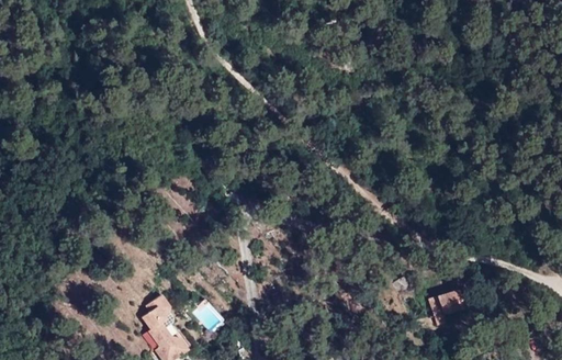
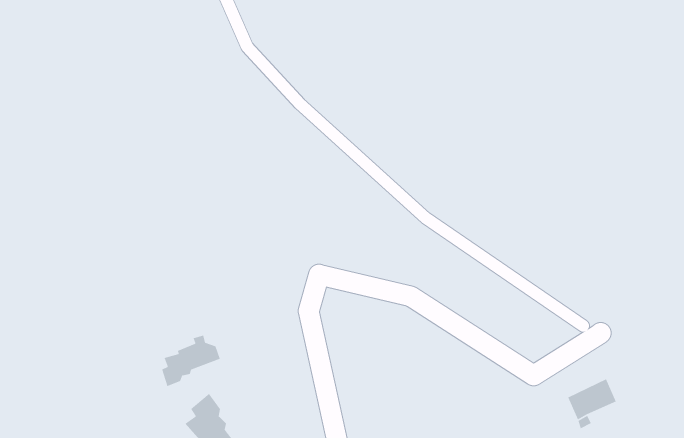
building: none -> [161,334,221,387]

